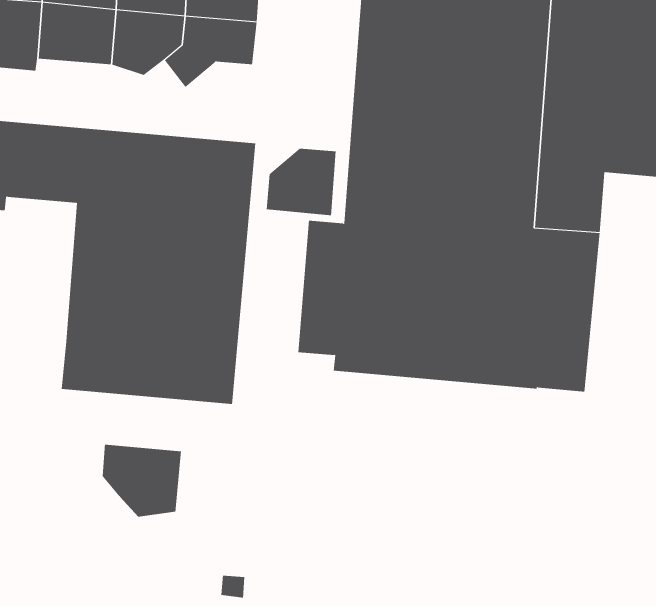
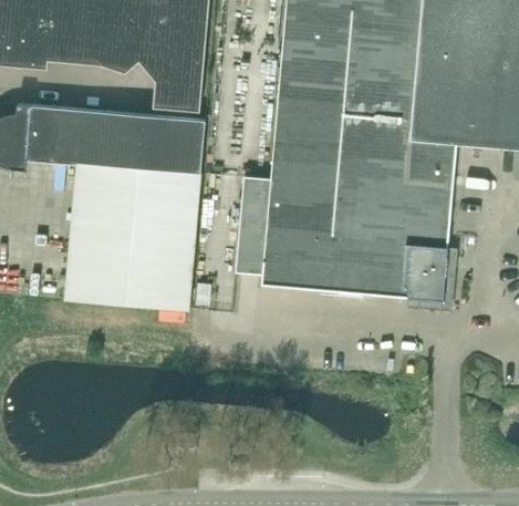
building: [266,148,336,216] -> [153,62,204,111]
building: [102,444,182,517] -> none

